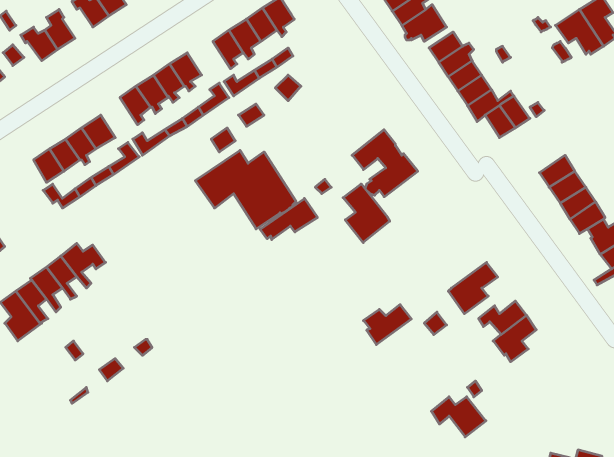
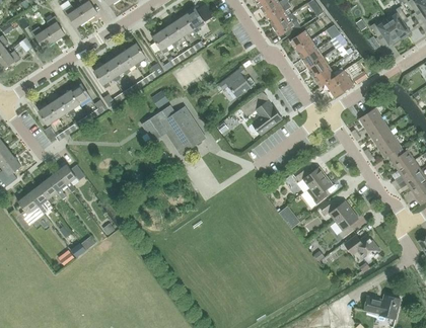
building: none -> [219,67,255,97]
building: [343,184,390,243] -> none
building: [260,198,317,240] -> none
building: [363,305,411,345] -> [295,167,326,192]
building: [431,397,486,437] -> [344,235,378,260]

